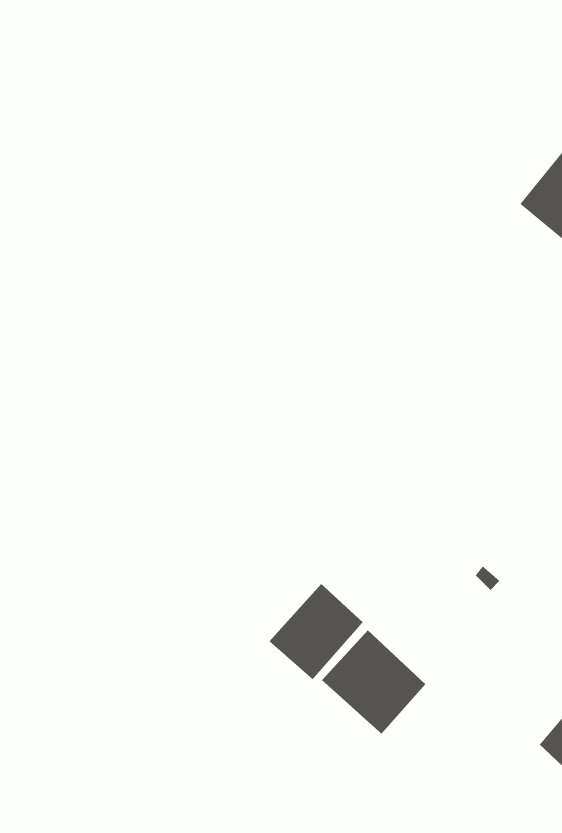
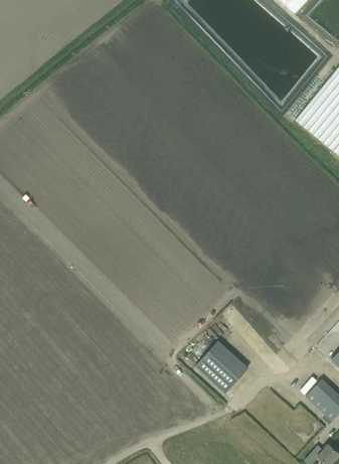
building: [269,583,363,680] -> none

